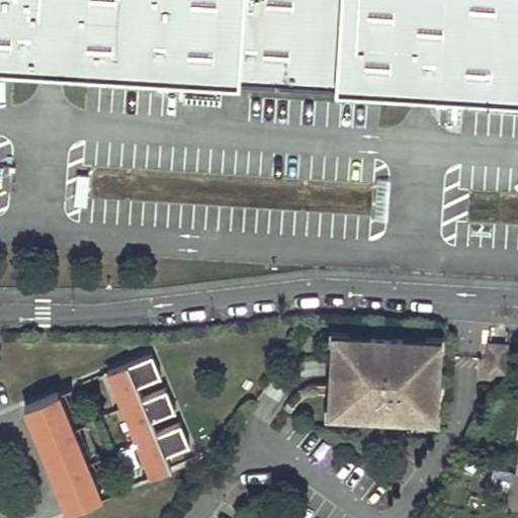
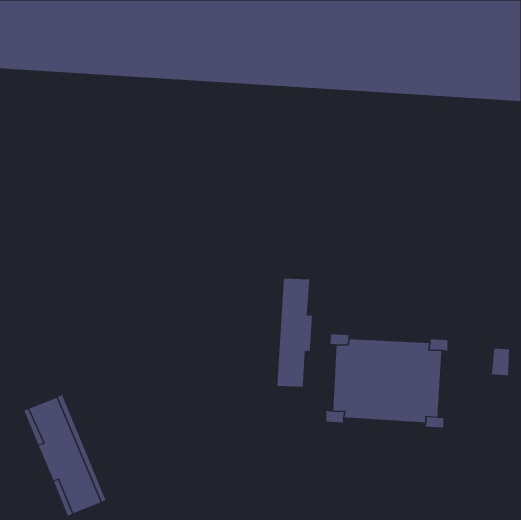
building: none -> [277,278,313,387]
building: [106,356,185,480] -> none

